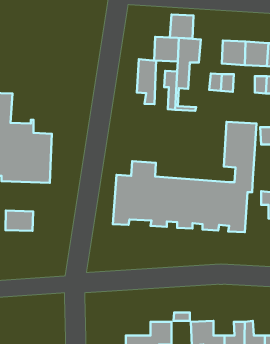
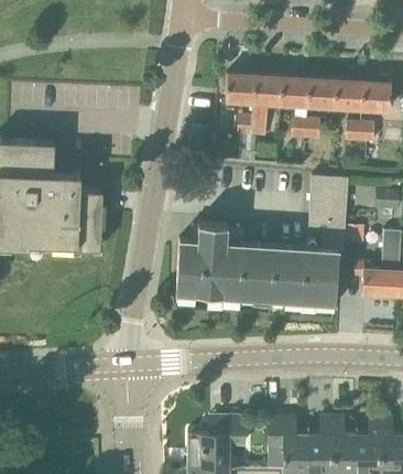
building: [170,15,193,38] -> [279,77,307,106]
building: [137,59,156,104] -> none
building: [5,211,33,231] -> none

